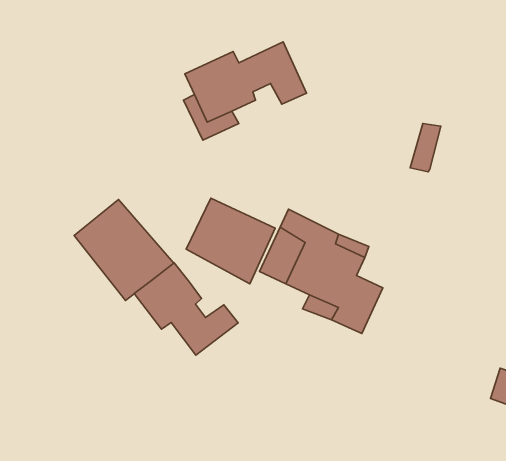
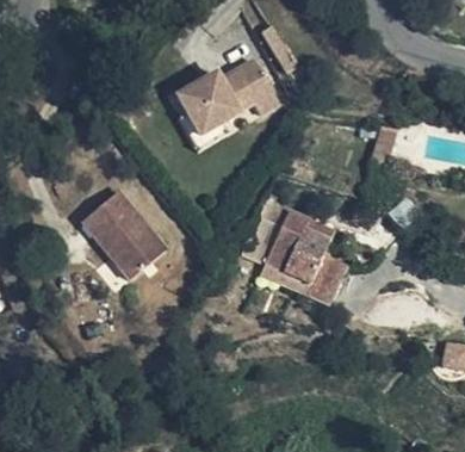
building: [186,198,275,284] -> none
building: [134,263,238,355] -> none

